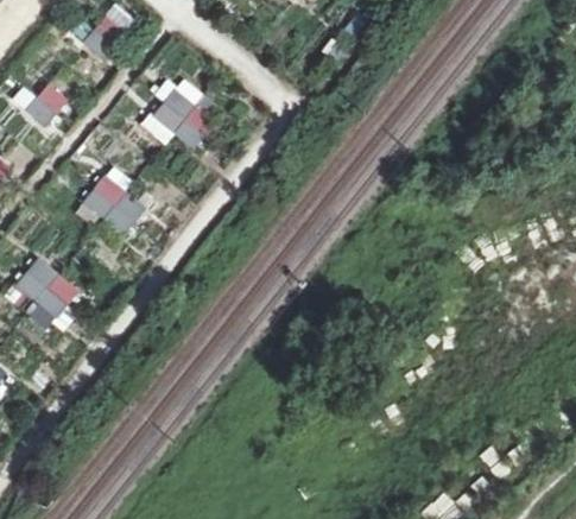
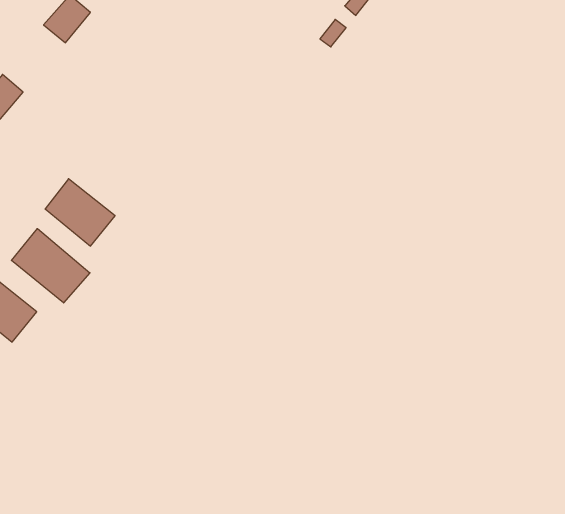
building: [152,90,213,148] -> none
building: none -> [11,229,90,303]

